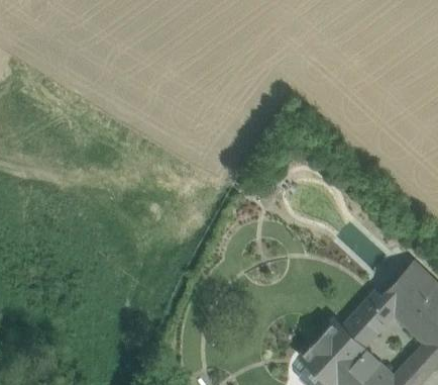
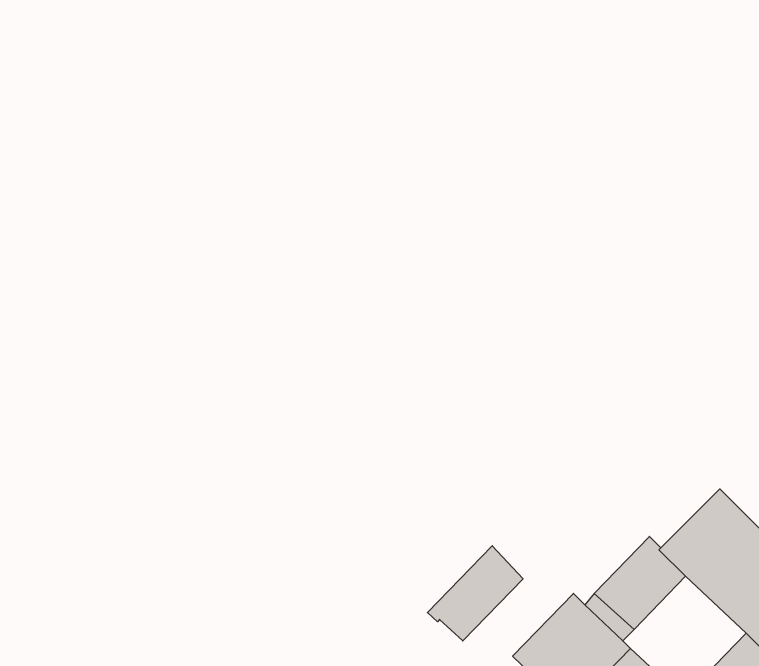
building: none -> [427,546,523,641]

